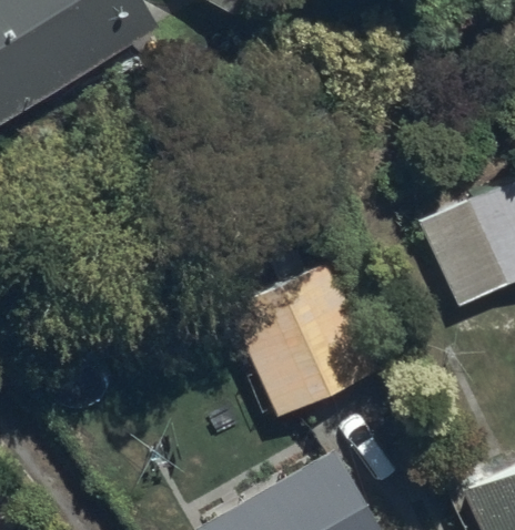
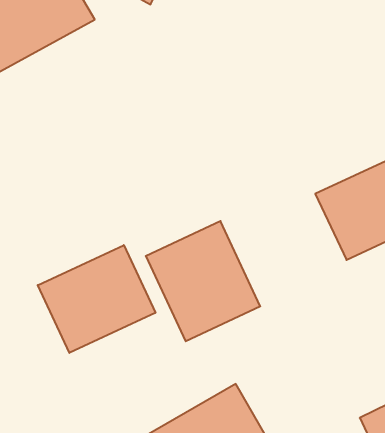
building: none -> [38,245,155,353]

